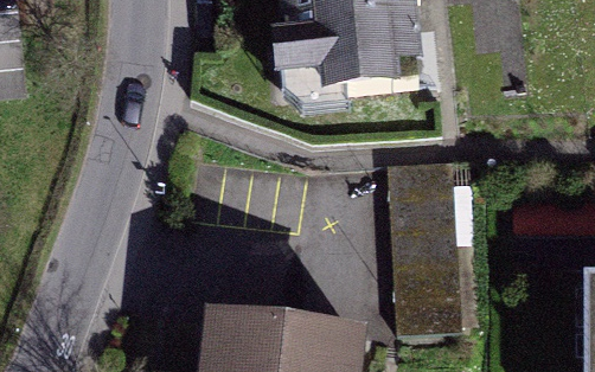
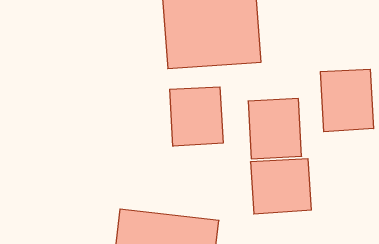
building: none -> [320,69,374,132]
building: none -> [170,87,223,146]

